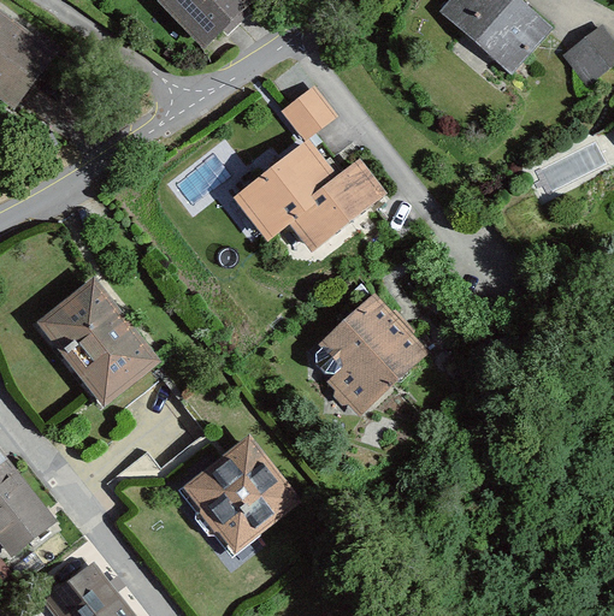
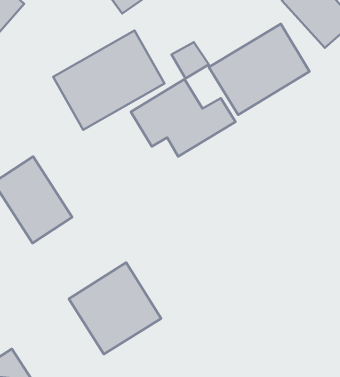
building: none -> [209,24,309,115]
building: none -> [53,30,165,130]
building: [321,291,429,417] -> none

